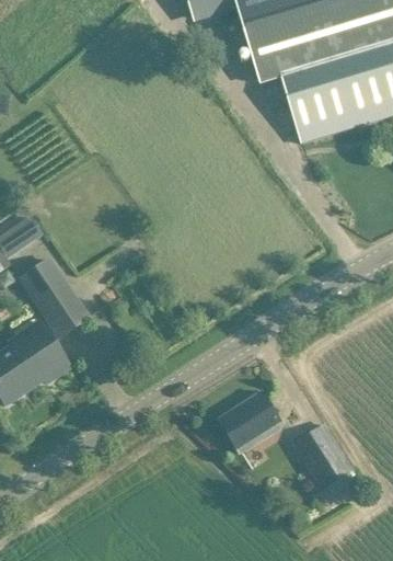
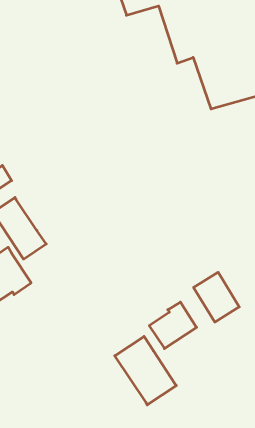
building: [294,424,354,489] -> [194,272,239,322]
building: none -> [115,336,176,405]

